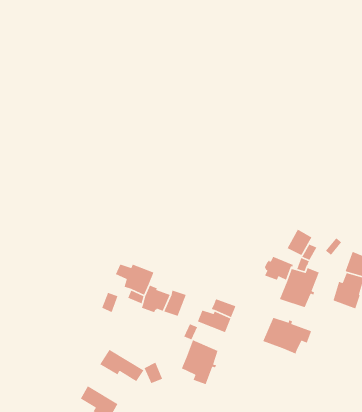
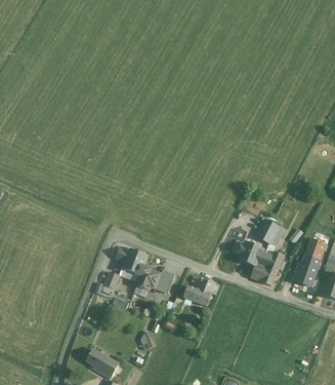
building: [262,317,312,355] -> none
building: [181,339,219,385] -> none
building: [99,349,145,382] -> none

